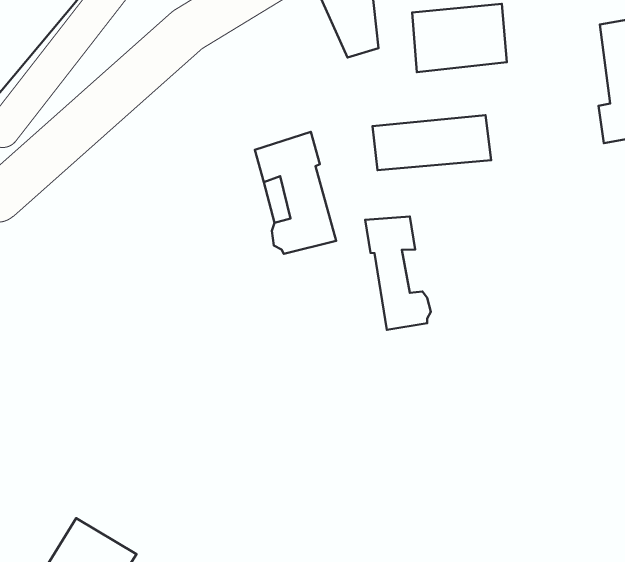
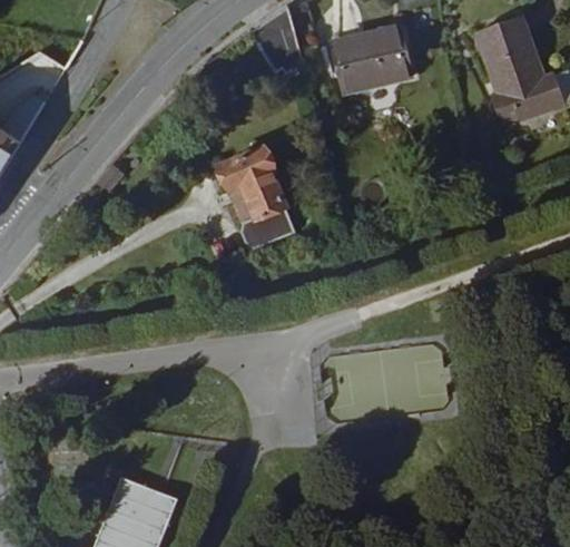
building: [373,115,491,170] -> none
building: [365,216,431,330] -> none

